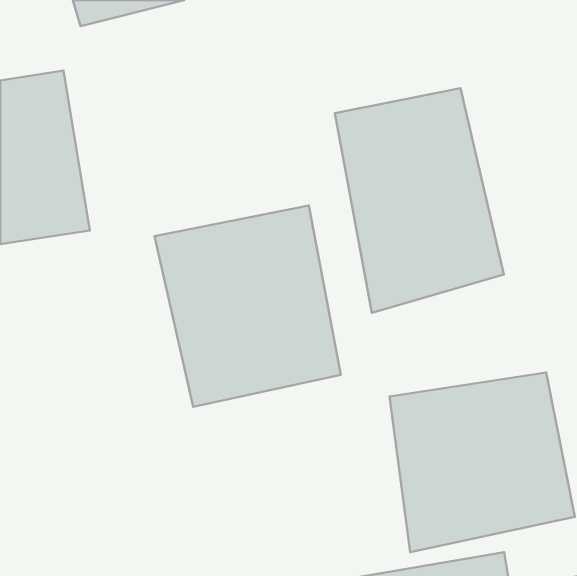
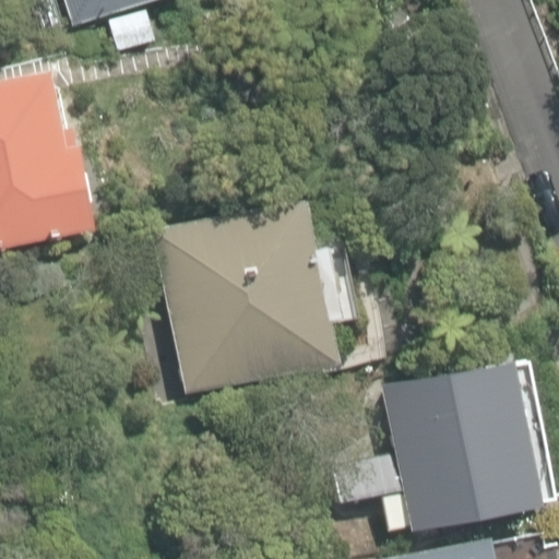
building: [335,88,504,313] -> none

